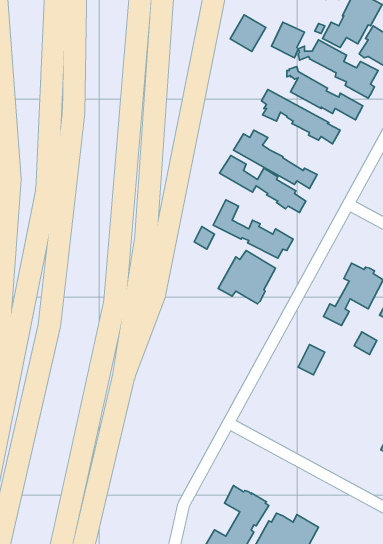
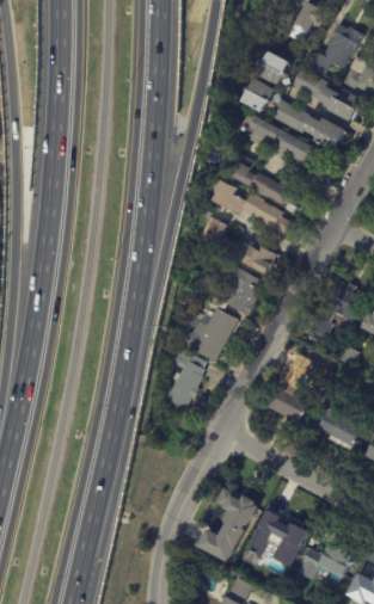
building: [230,15,266,52] -> [240,78,274,112]
building: none -> [182,306,238,362]
building: none -> [163,344,204,409]
building: none -> [266,384,309,421]
building: none -> [314,408,354,448]

